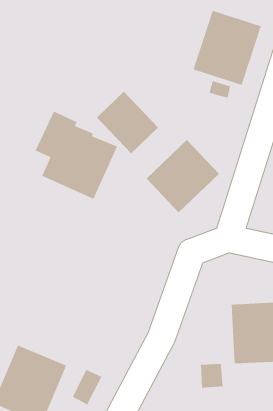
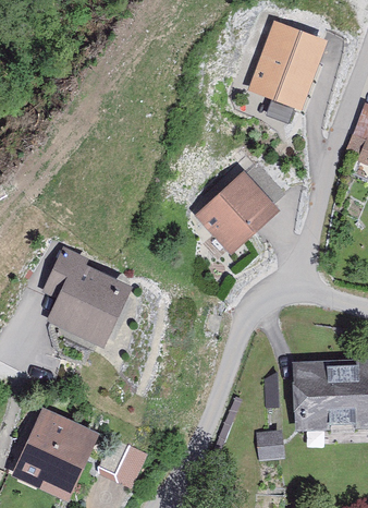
building: [96,91,159,154] -> none
building: [35,111,118,200] -> [40,247,137,351]

